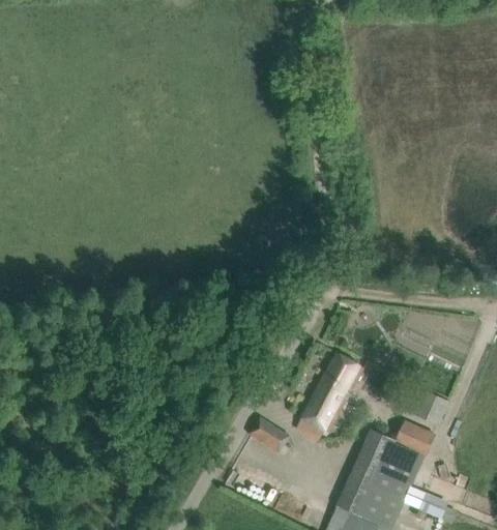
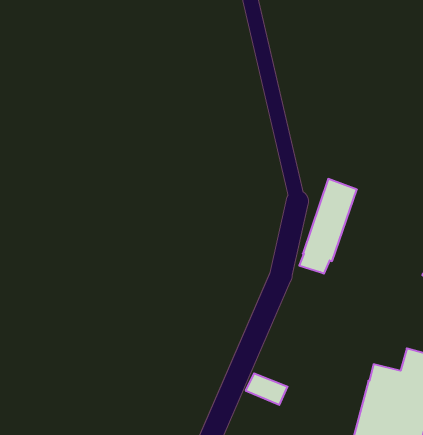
building: [295,354,360,441] -> [299,179,357,274]

